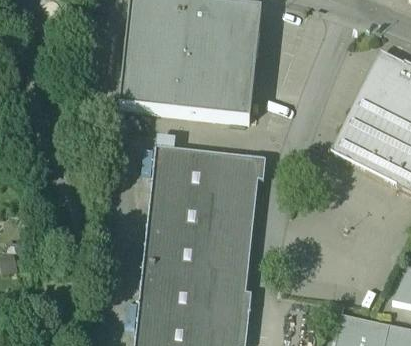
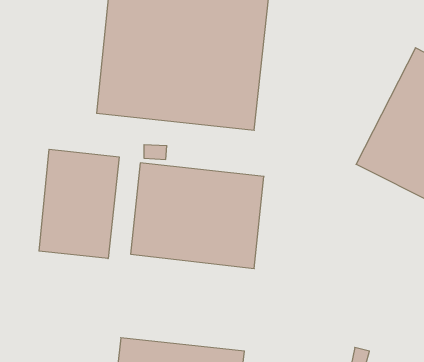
building: none -> [39,149,119,259]
building: [141,223,251,303] -> none

